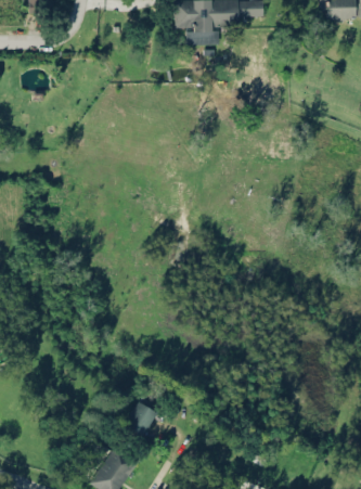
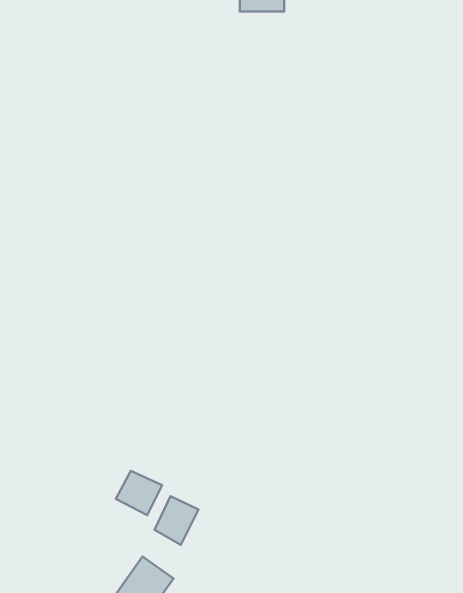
building: none -> [116,471,162,515]

